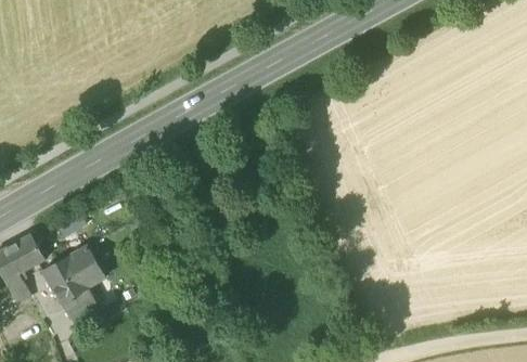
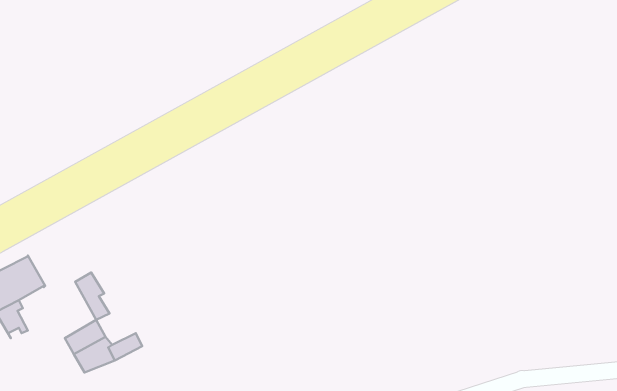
building: [42,255,87,301] -> none

